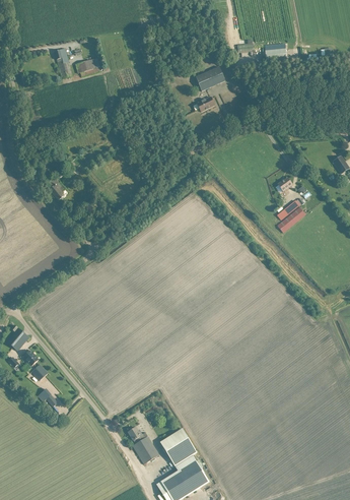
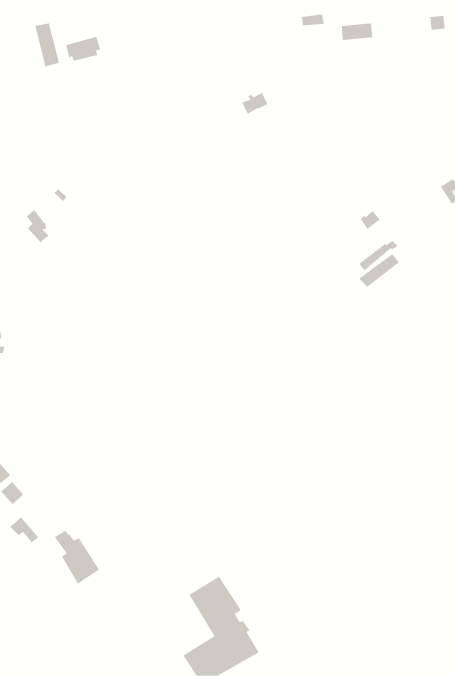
building: [196,66,225,90] -> none
building: [128,427,159,464] -> [54,530,100,584]

